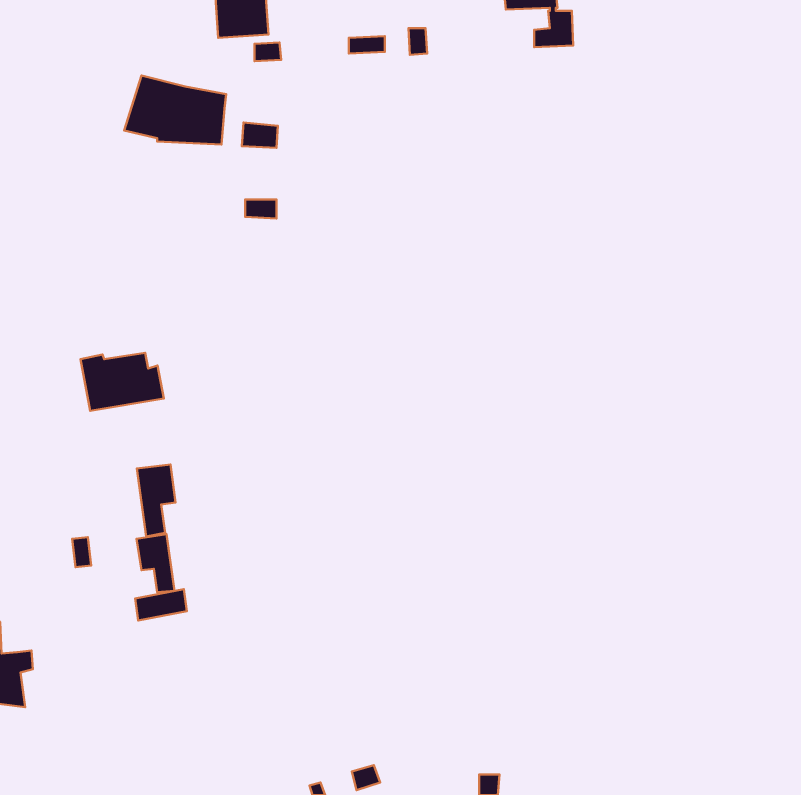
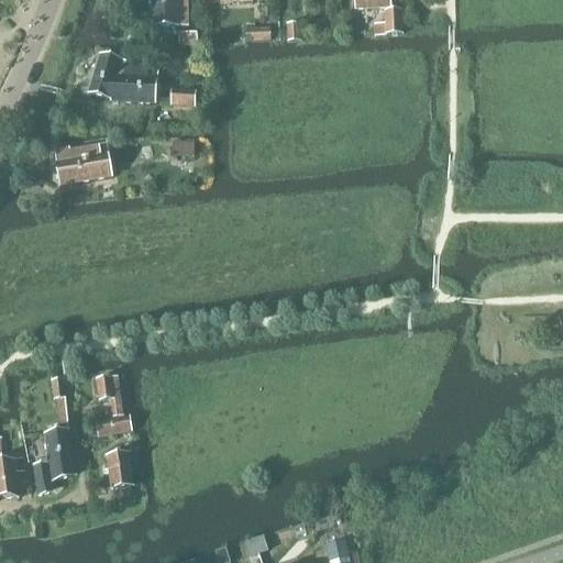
building: [81,353,164,411] -> [53,143,111,184]
building: [137,465,175,536] -> none
building: none -> [33,429,75,493]
building: none -> [102,450,133,486]

